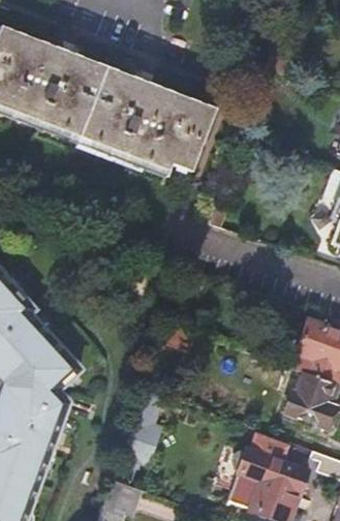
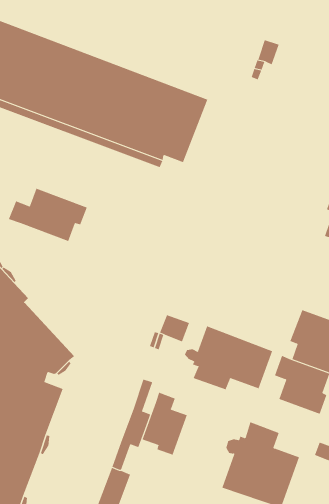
building: none -> [8,188,87,242]
building: none -> [184,326,273,390]
building: none -> [142,392,187,456]

